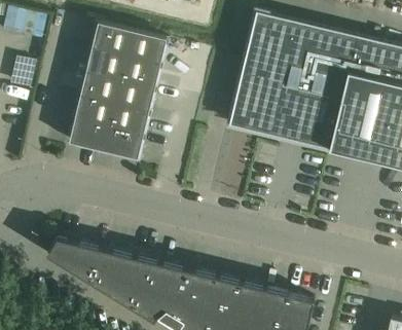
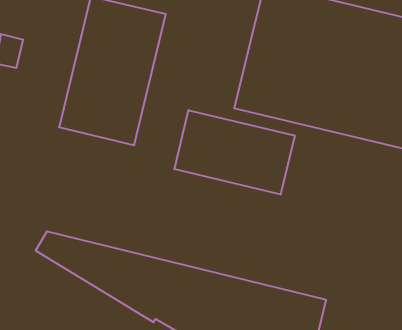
building: none -> [174,110,295,195]

